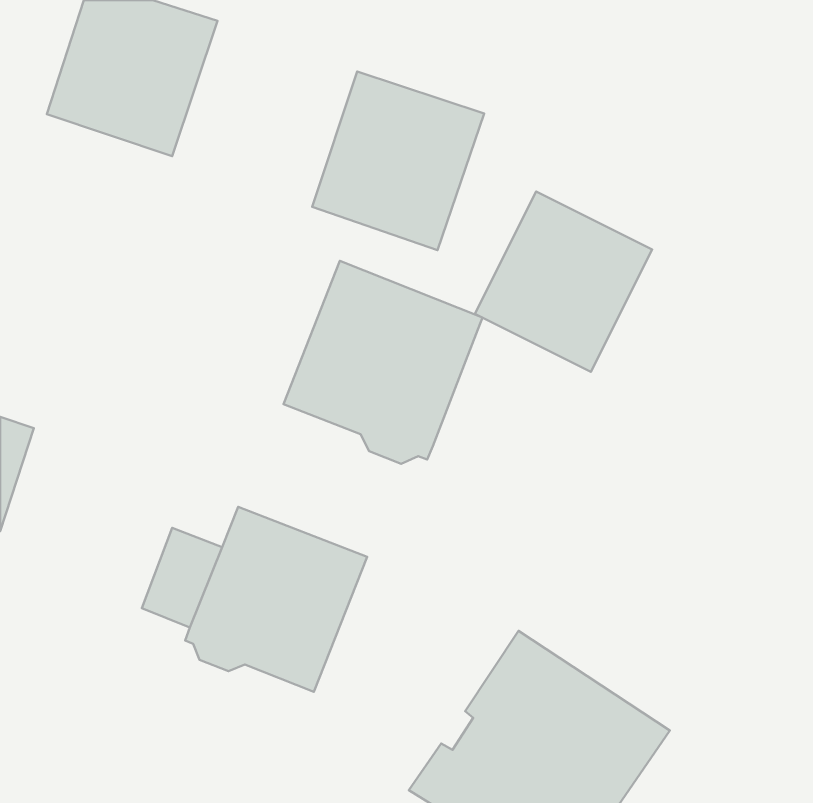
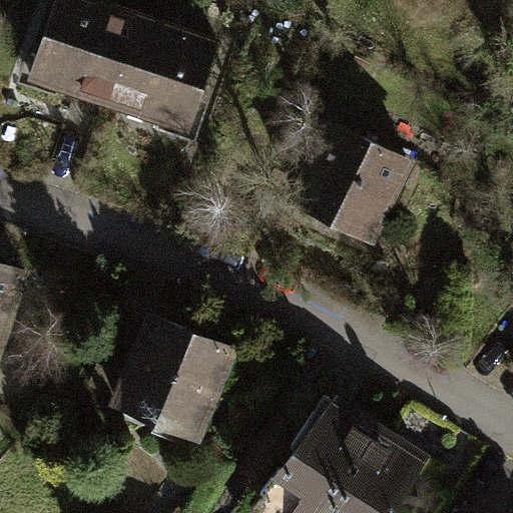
building: [312,72,484,250] -> [113,25,220,136]
building: [284,261,482,464] -> none

